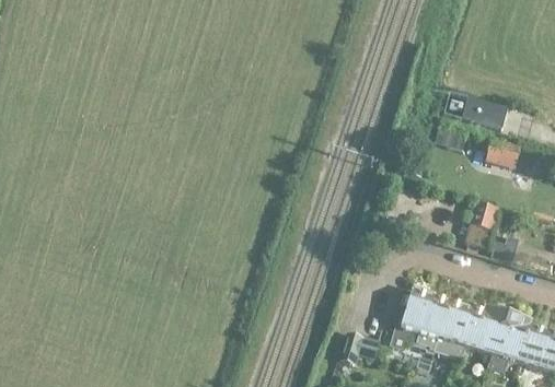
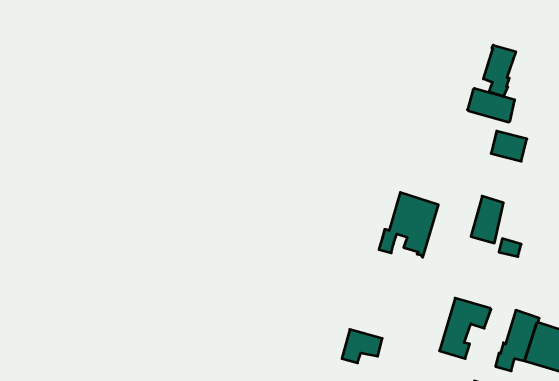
building: none -> [483,45,516,97]
building: [392,290,450,353] -> [379,192,438,257]
building: [459,307,509,356] -> none

